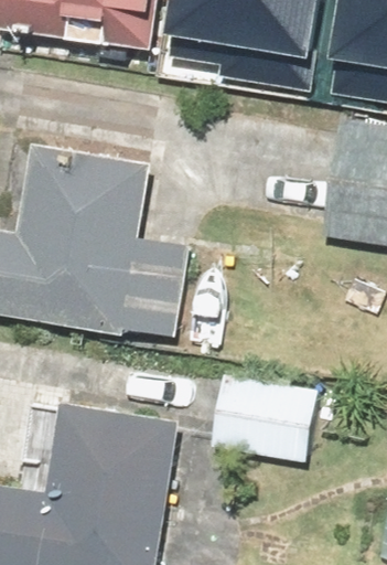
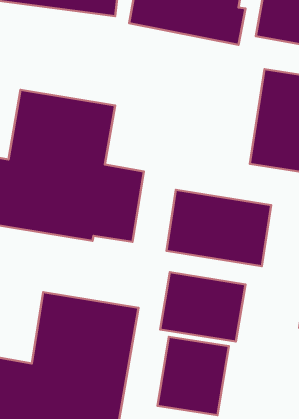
building: none -> [166,190,271,266]
building: none -> [158,337,229,415]

